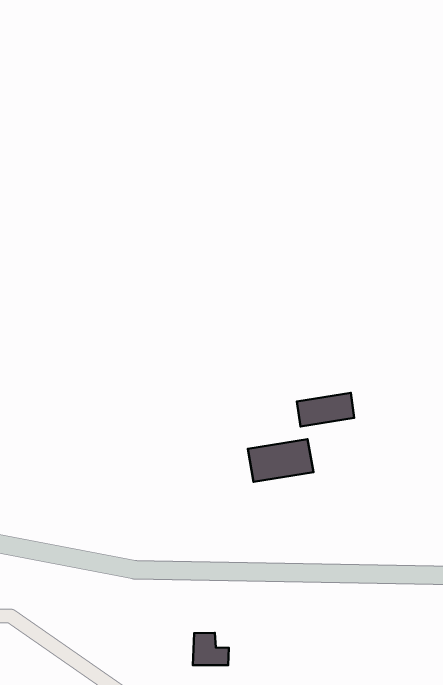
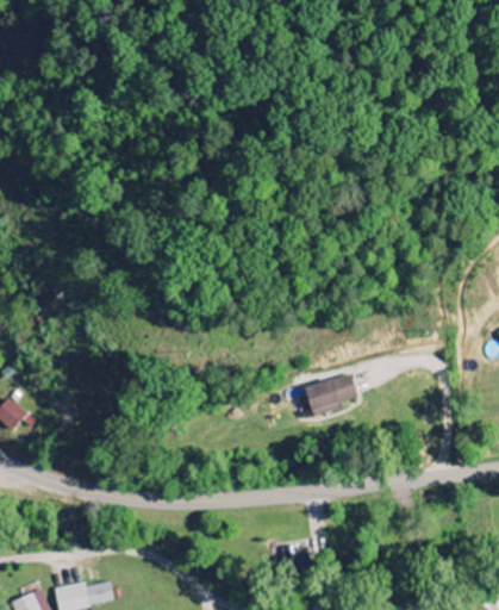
building: [297,393,354,426] -> none

